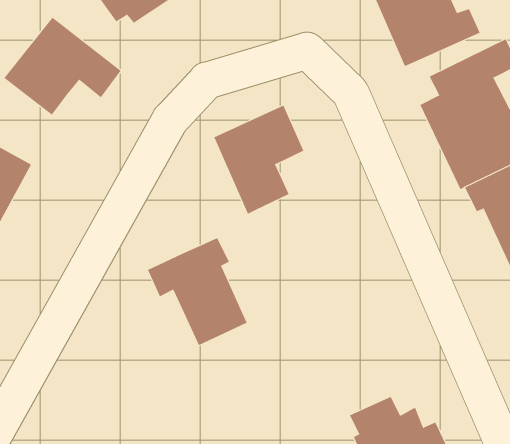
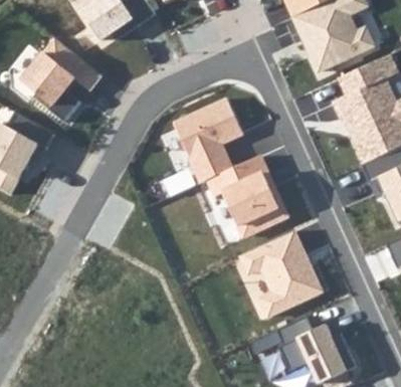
building: [147,237,247,346] -> [207,155,281,235]
building: none -> [242,233,323,317]

